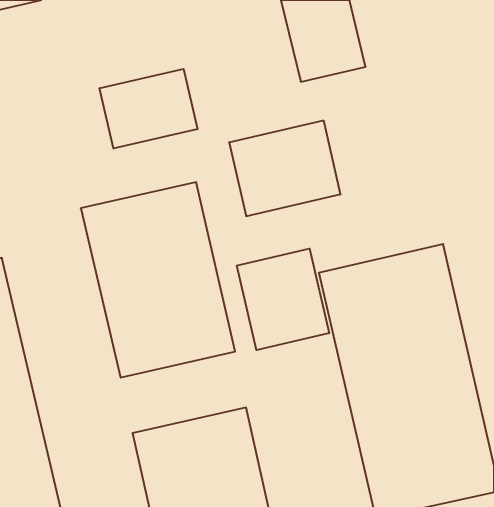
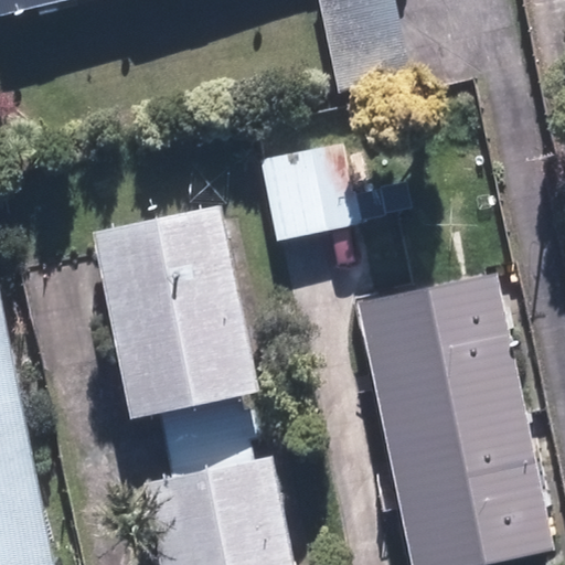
building: [100,69,197,149] -> none
building: [237,249,329,350] -> none

